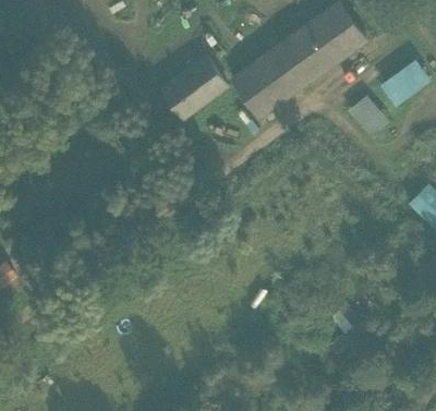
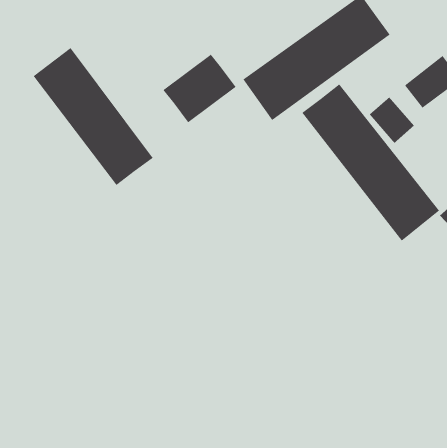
building: none -> [33,47,154,186]
building: none -> [301,83,440,241]

